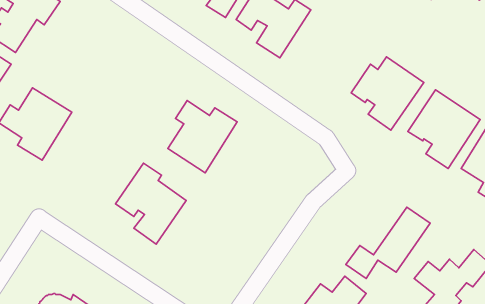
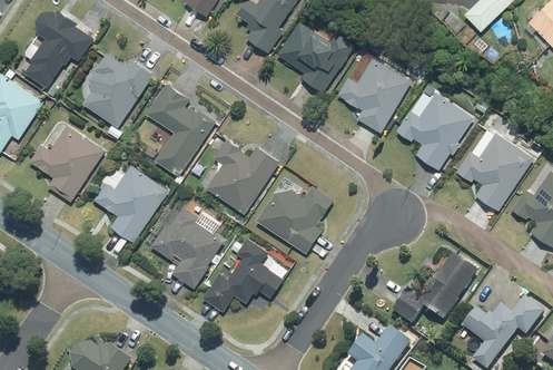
building: none -> [82,52,152,127]
building: none -> [338,55,412,133]
building: none -> [145,86,216,174]
building: none -> [93,165,167,242]
building: none -> [256,177,334,253]
building: none -> [201,236,284,313]

